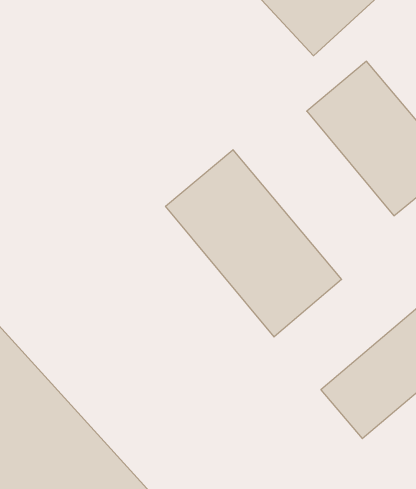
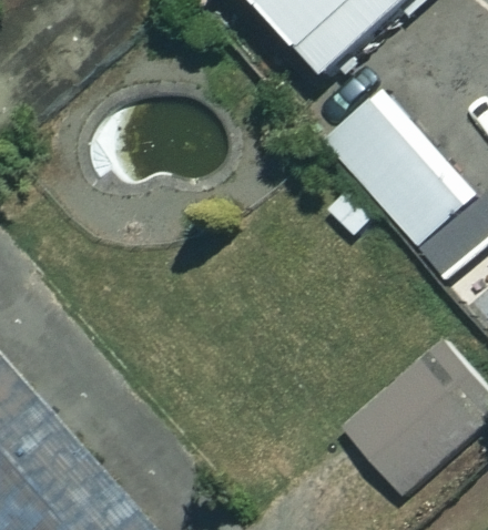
building: [166,150,342,337] -> none

